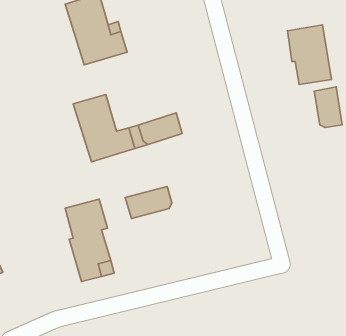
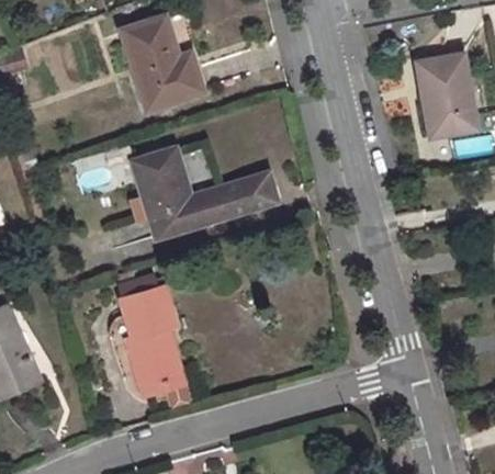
building: [314,87,342,128] -> none
building: [125,186,172,219] -> none

